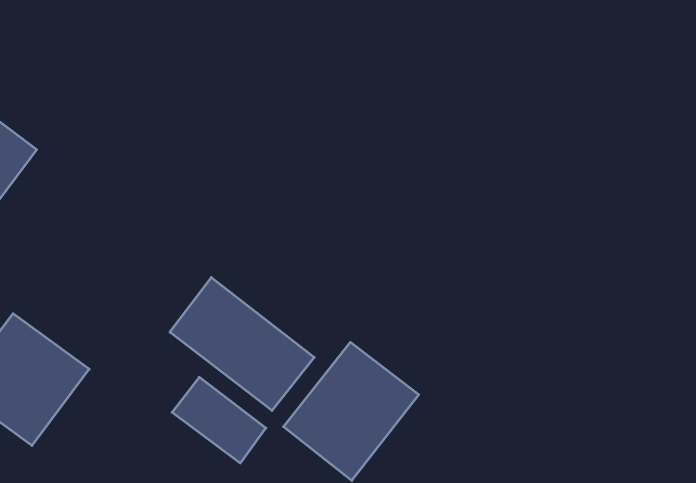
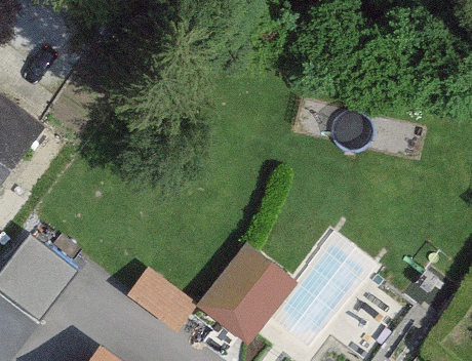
building: [170,277,314,411] -> none

